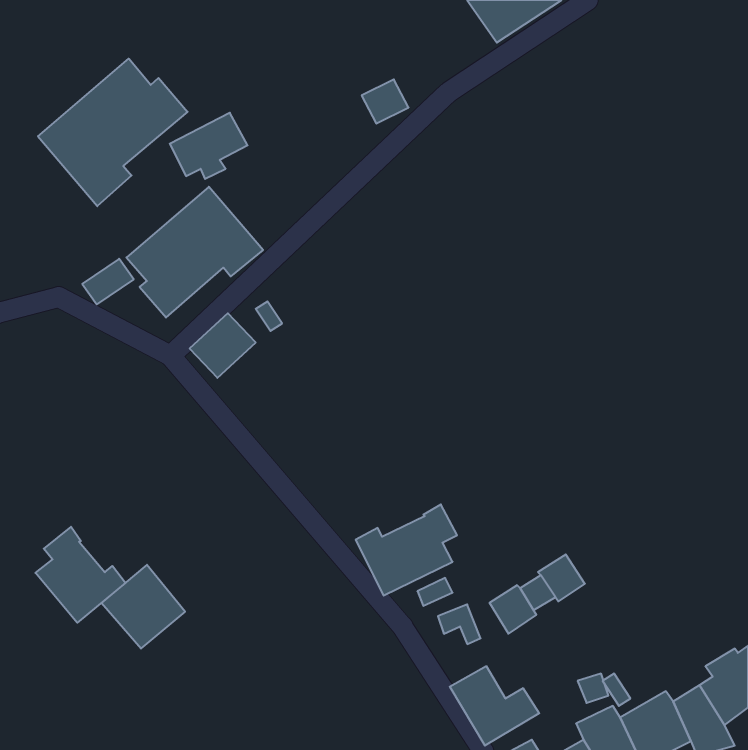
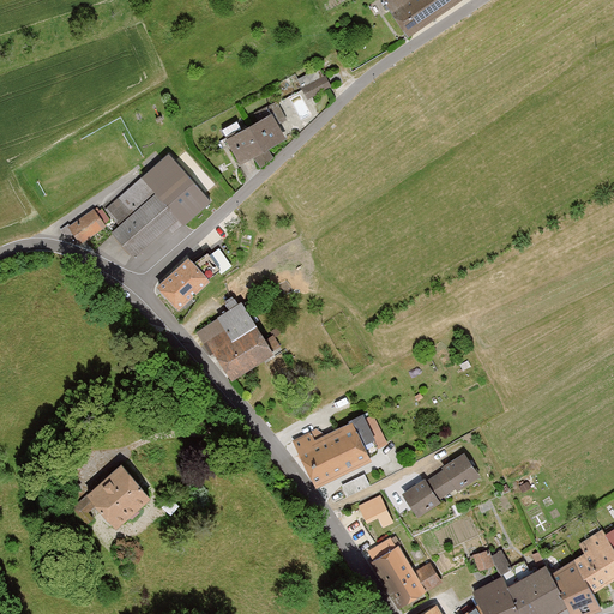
building: [38,59,188,206] -> none
building: [170,113,248,179] -> [229,115,293,169]
building: none -> [197,302,271,380]
building: [35,527,126,623] -> none

